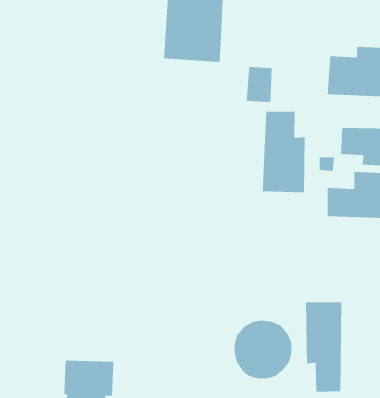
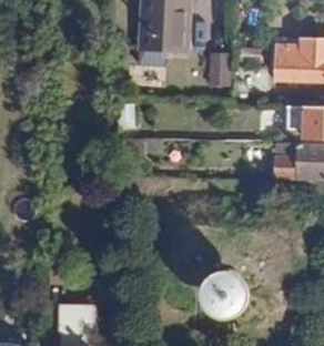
building: [262,111,305,193] -> none
building: [306,301,342,392] -> none

